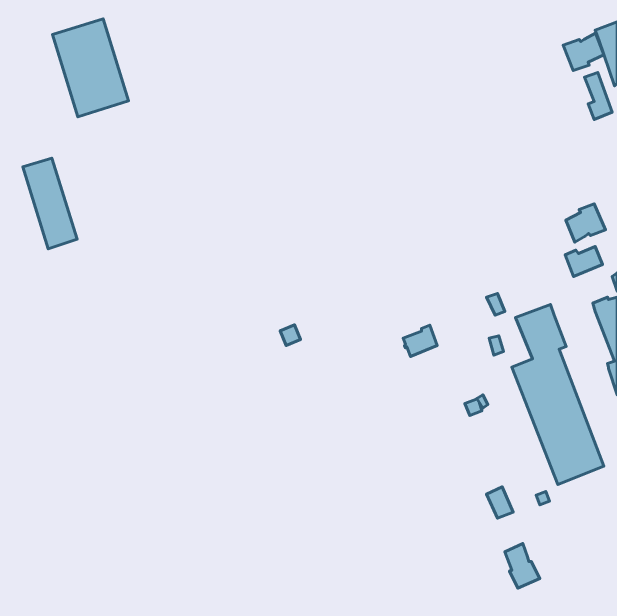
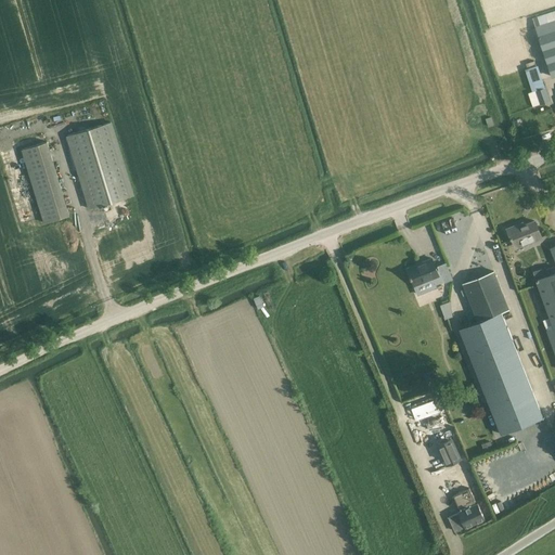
building: [52,19,128,117] -> [66,122,134,210]
building: [563,33,604,71] -> none
building: [566,204,605,242] -> none
building: [403,325,437,356] -> [408,260,438,288]

